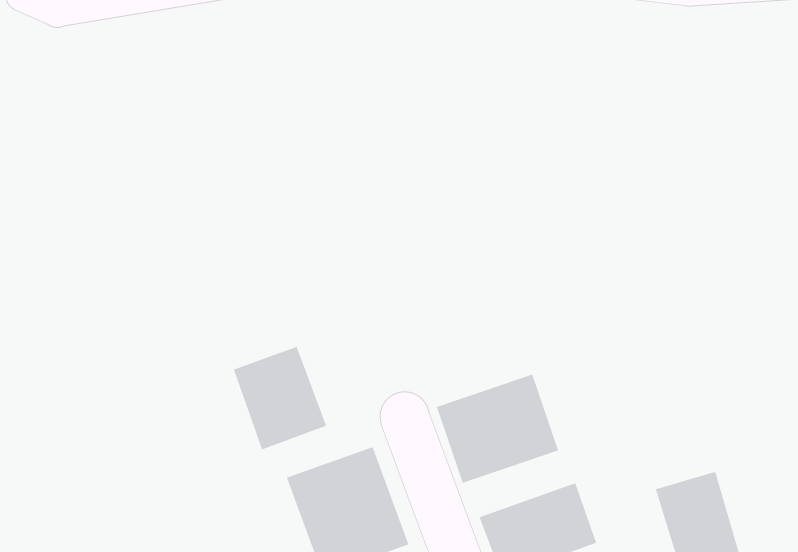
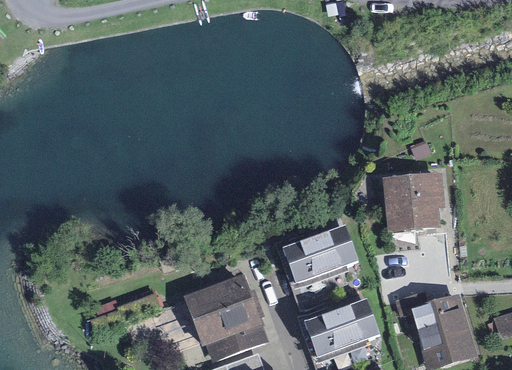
building: none -> [389,173,440,227]
building: [233,346,327,450] -> none

